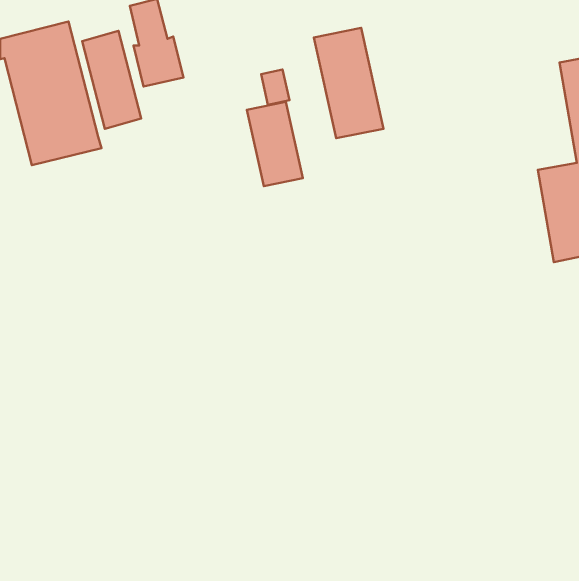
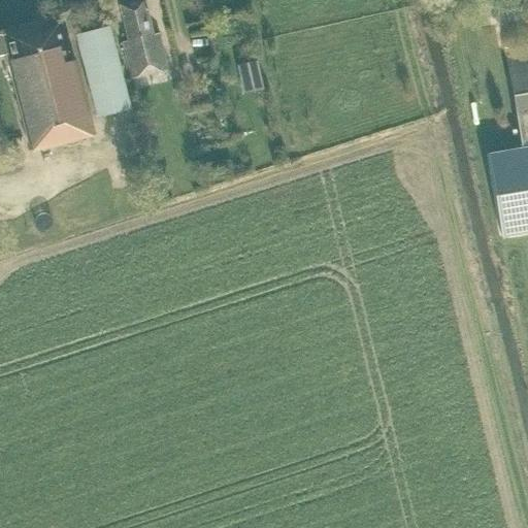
building: [314,28,384,138] -> none
building: [247,102,303,186] -> none

